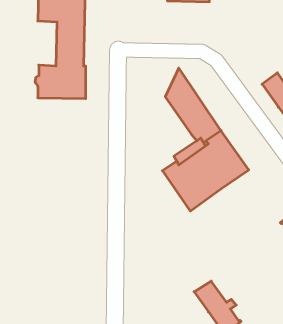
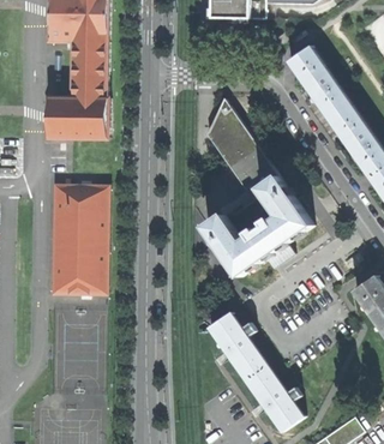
building: none -> [287,47,348,119]
building: none -> [52,185,107,293]
building: none -> [206,312,265,378]

